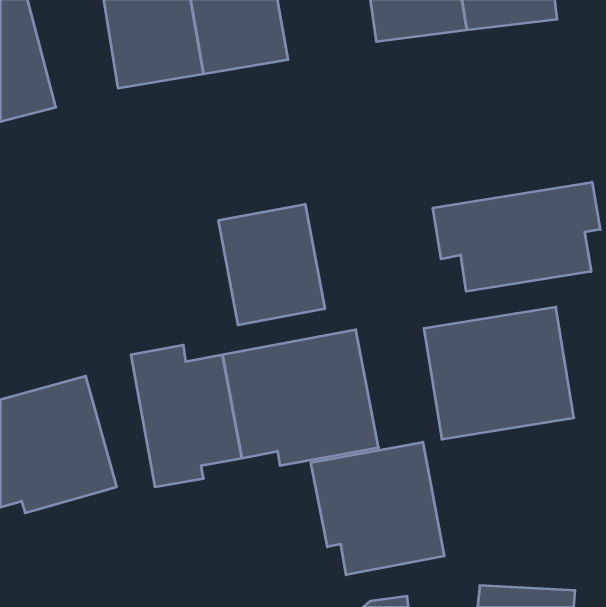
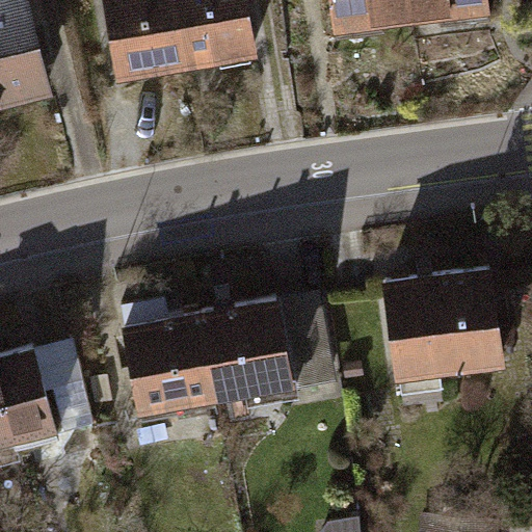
building: [433,182,600,291] -> none
building: [219,204,325,325] -> none
building: [311,442,444,575] -> none

